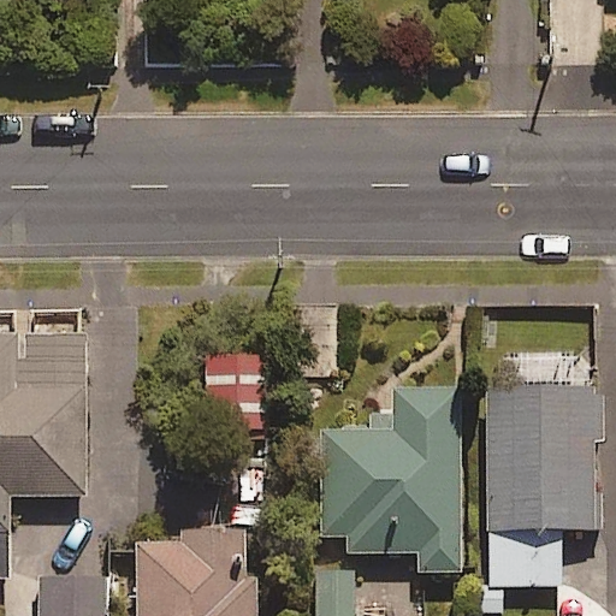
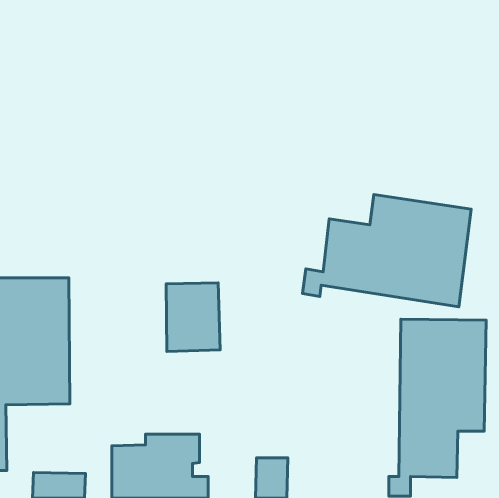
building: none -> [303,195,471,307]
building: [319,390,462,573] -> none

